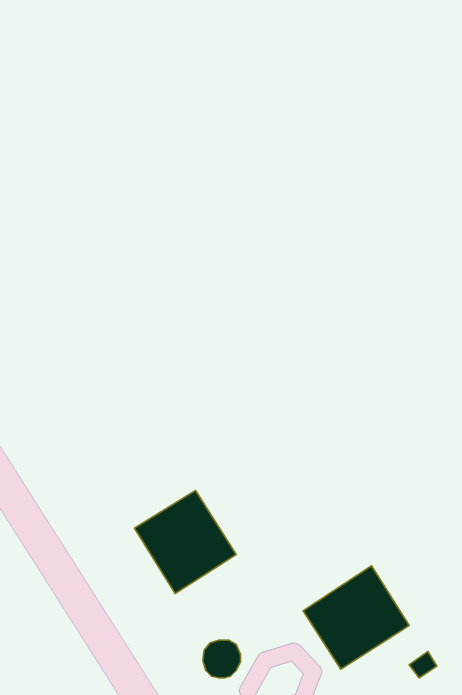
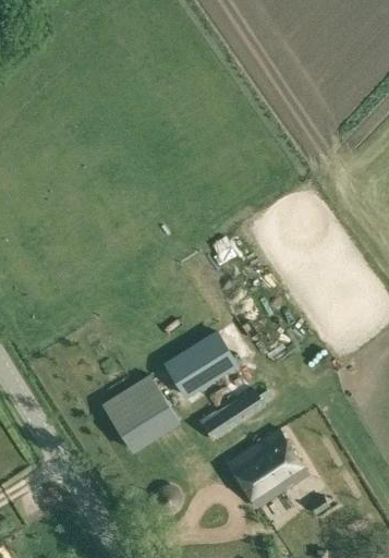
building: none -> [161,329,232,392]
building: none -> [200,389,265,440]

